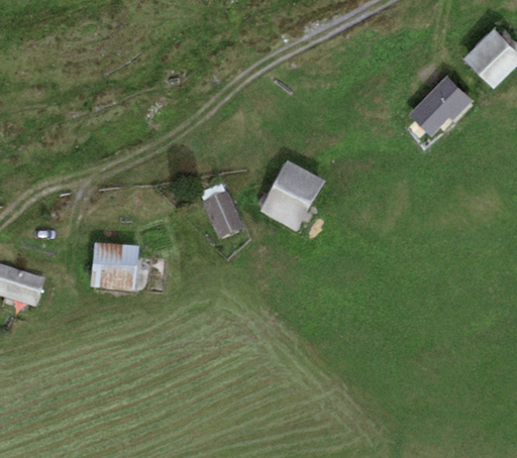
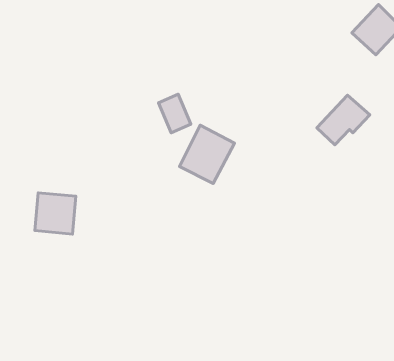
building: [409,73,472,131] -> [317,95,370,145]
building: [204,194,242,239] -> [158,94,191,133]

